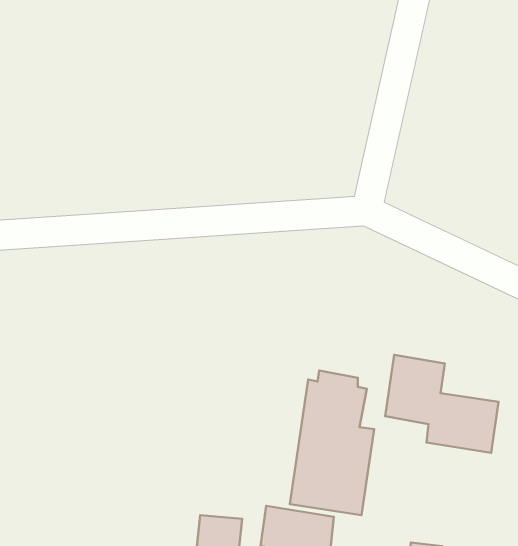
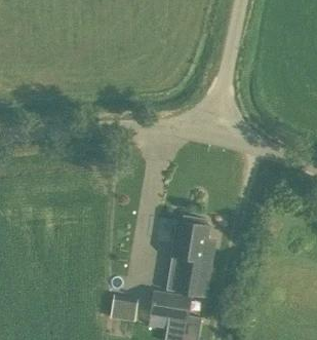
building: [385,355,499,453] -> none

